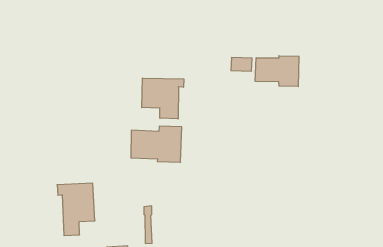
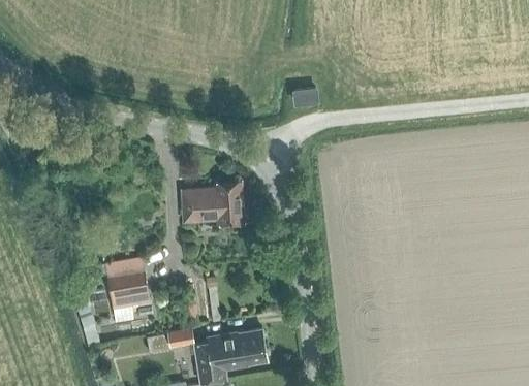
building: [255,56,299,87] -> none
building: [142,78,184,119] -> none

